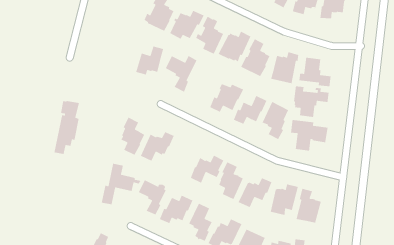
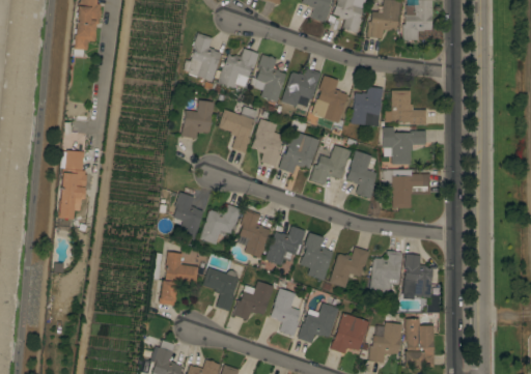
building: none -> [251,119,282,167]
building: [54,100,80,155] -> [59,150,86,219]
building: none -> [240,209,270,258]

